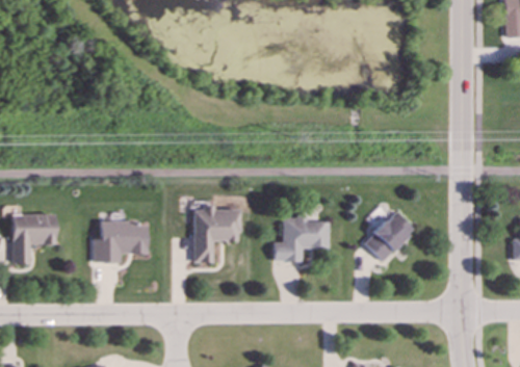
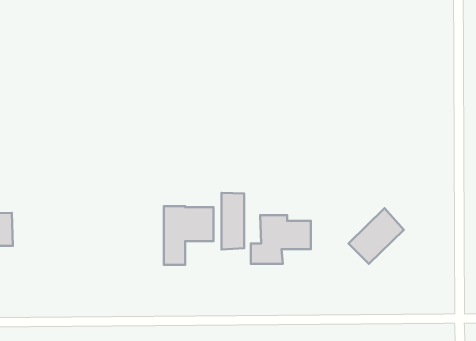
building: none -> [221,193,244,250]
building: [93,220,148,262] -> none

